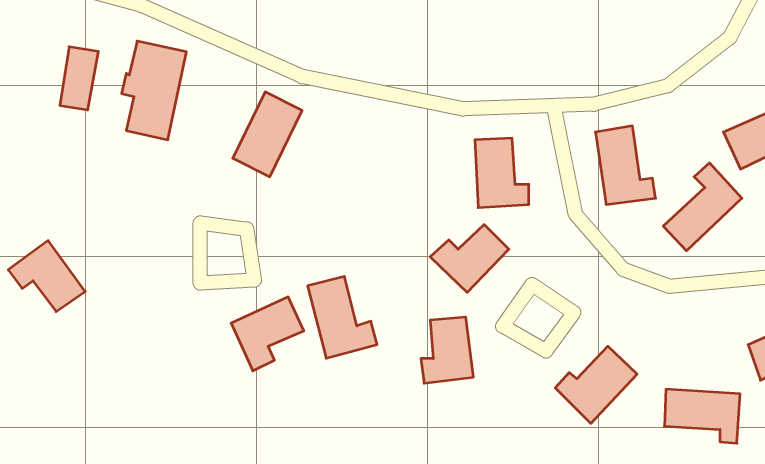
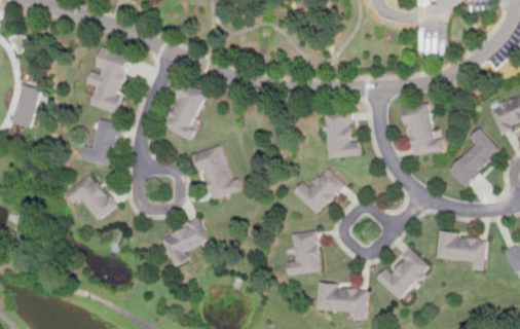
building: [60,47,98,110] -> [12,84,38,126]
building: none -> [81,119,121,164]
building: [8,241,85,312] -> [66,172,117,219]
building: [308,277,377,358] -> [194,145,240,199]
building: [664,389,740,443] -> [436,234,486,270]
building: none -> [317,282,368,321]

